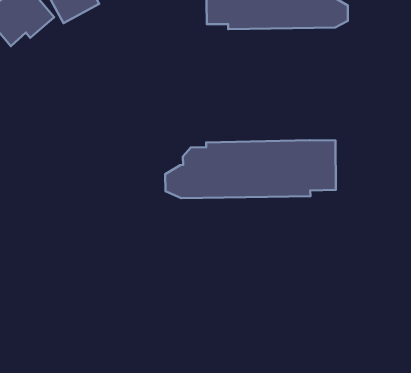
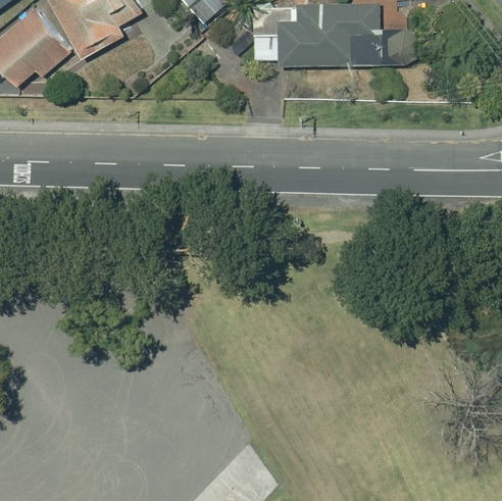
building: [165,140,336,198] -> none

